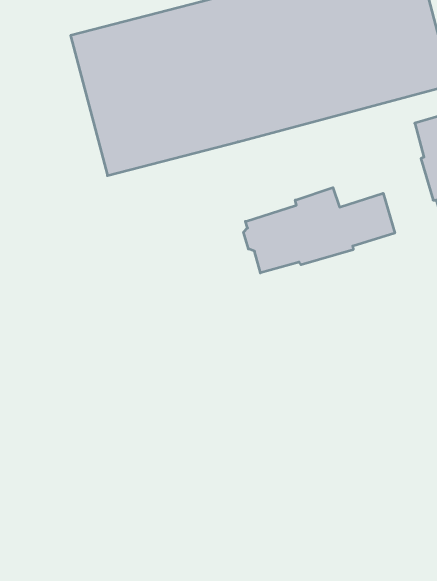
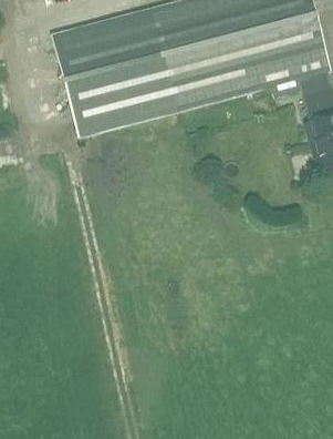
building: [244,188,395,273] -> none

